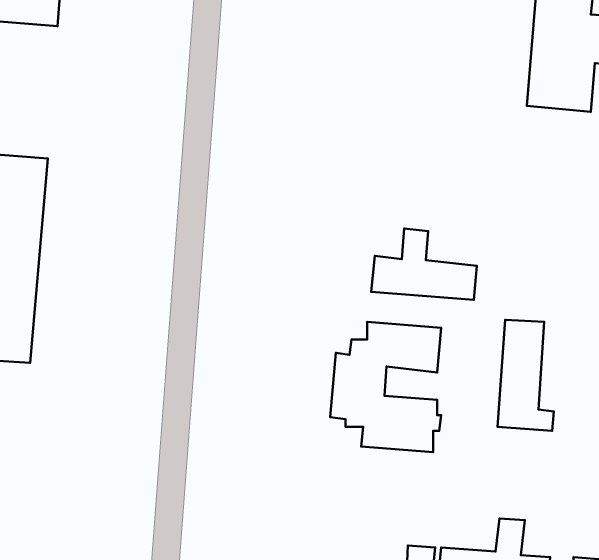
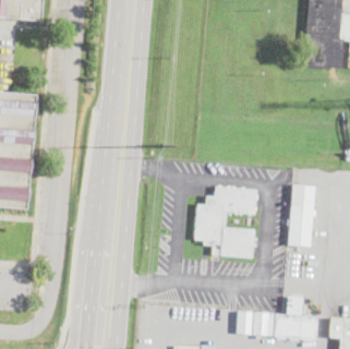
building: [371,228,477,300] -> none

